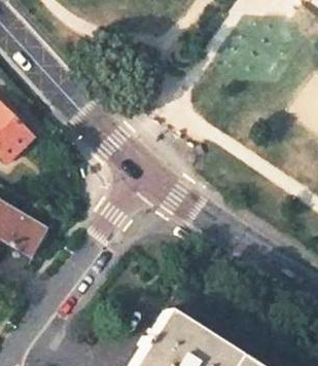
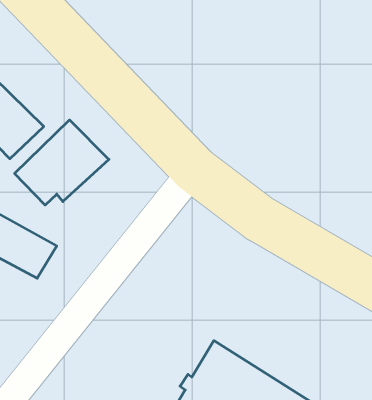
building: none -> [15,120,109,205]

